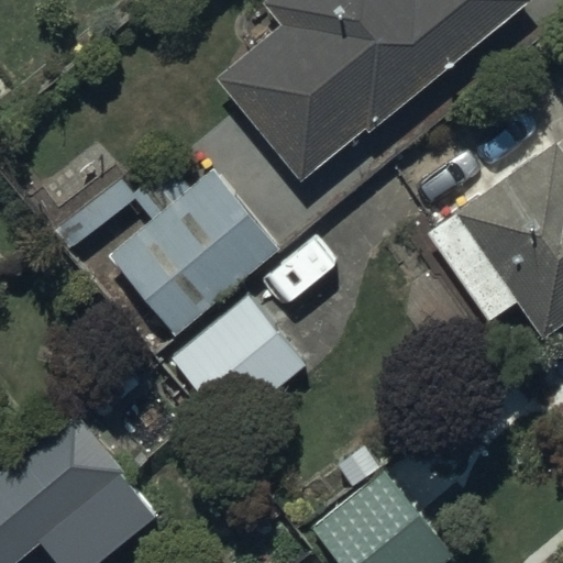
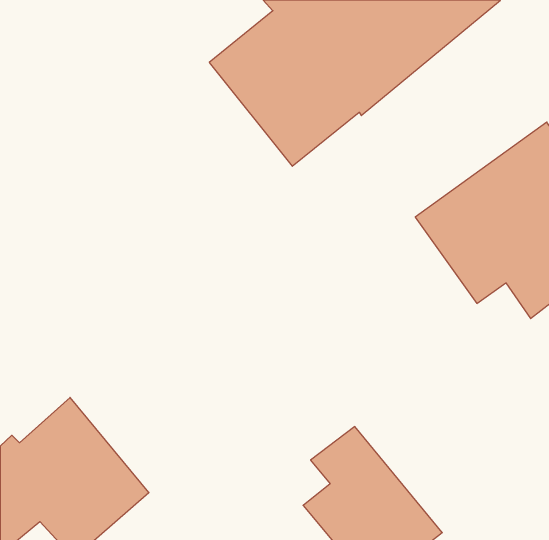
building: [42,155,280,335] -> none
building: [170,296,305,430] -> none

